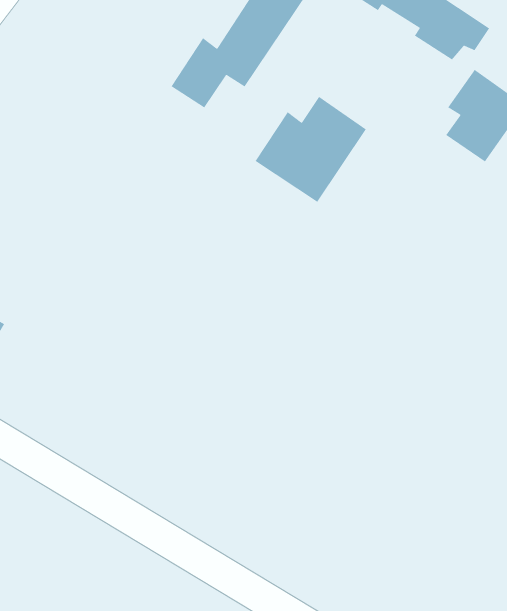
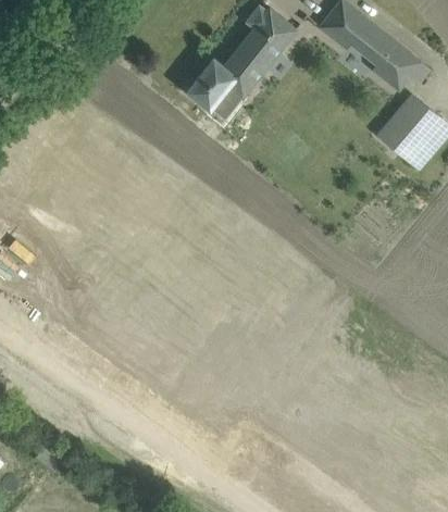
building: [254,96,367,203] -> none

